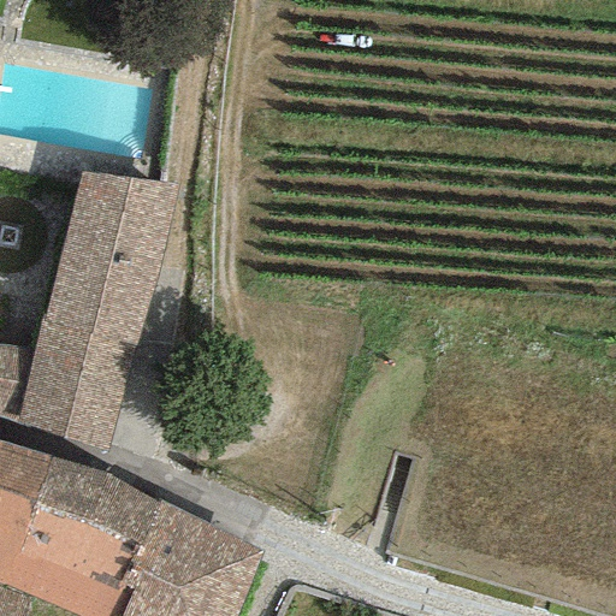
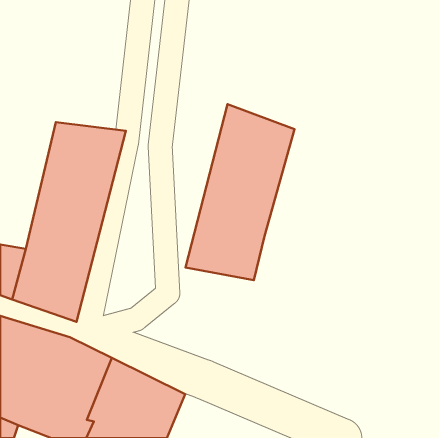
building: none -> [186,104,294,280]

